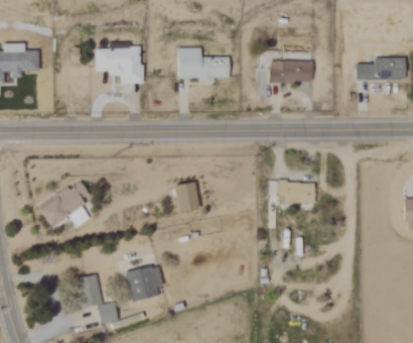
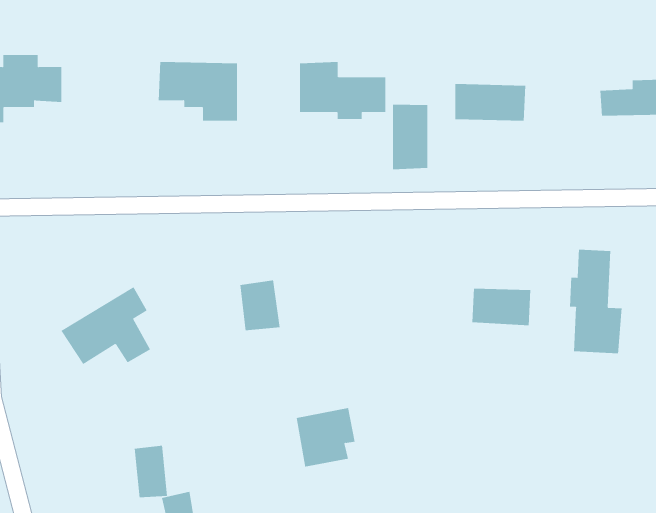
building: none -> [393,104,428,170]
building: none -> [569,249,622,354]
building: [175,182,199,212] -> [240,280,281,331]
building: [127,265,162,301] -> [296,408,356,467]

